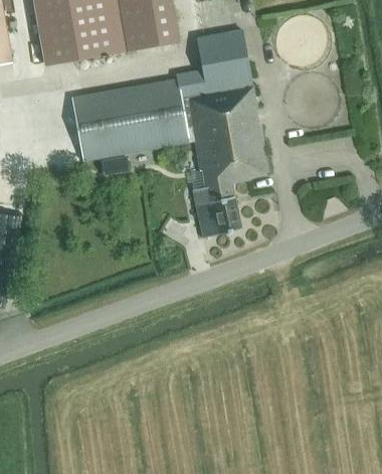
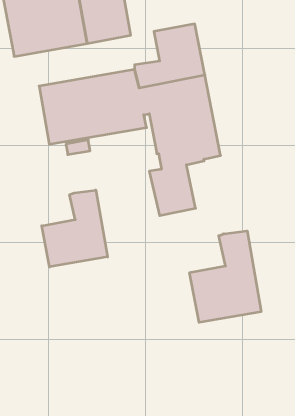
building: none -> [42,190,108,267]
building: none -> [190,231,261,322]

